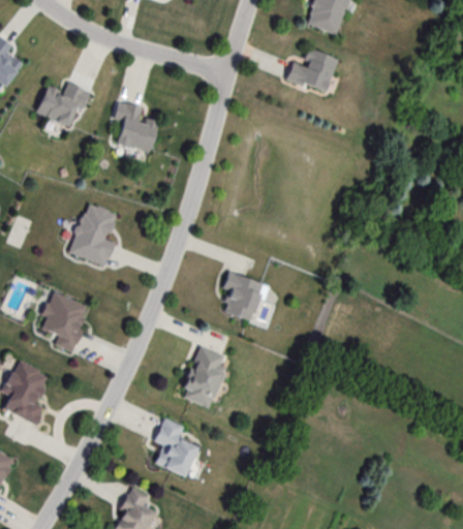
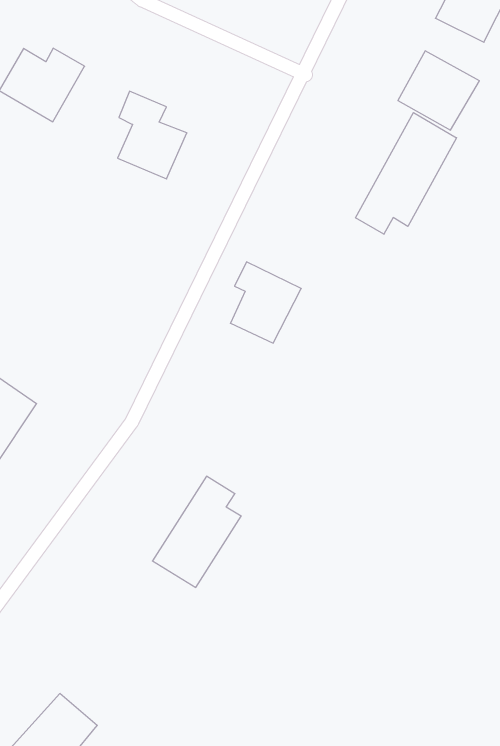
building: none -> [356,113,457,234]
building: [68,203,117,268] -> none
building: [223,273,266,321] -> [230,262,301,343]
building: [153,419,199,477] -> none

